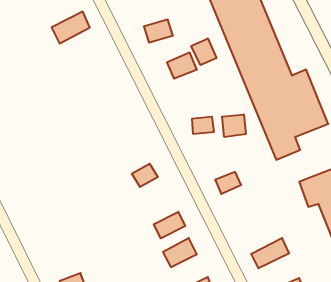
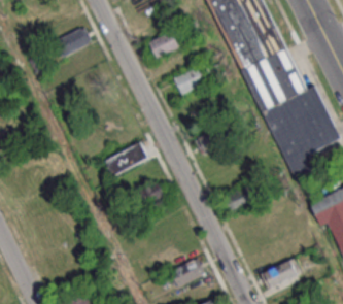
building: [191,38,216,65] -> none
building: [222,114,246,137] -> none
building: none -> [103,142,147,176]
building: [154,212,185,238] -> none

